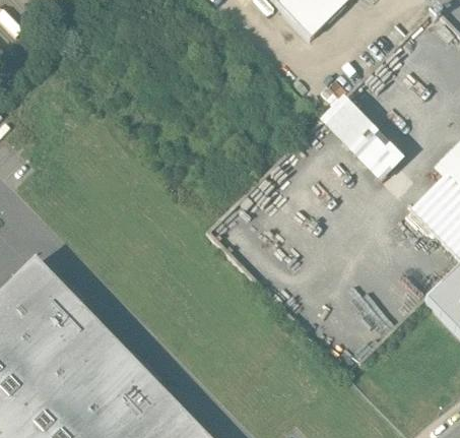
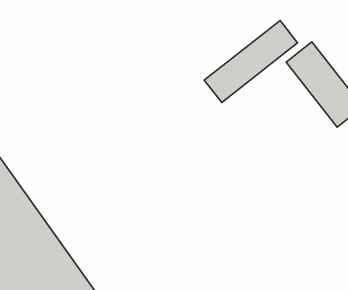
building: none -> [204,21,298,103]

